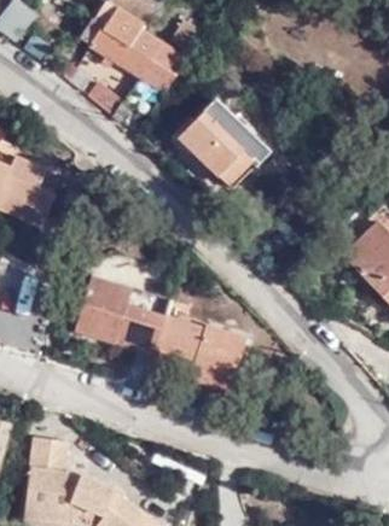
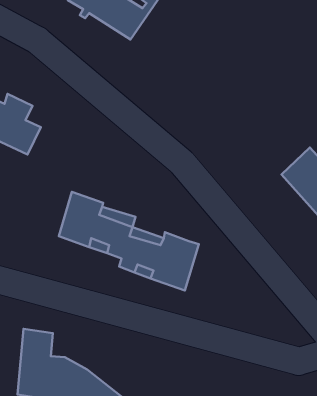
building: [180,103,266,187] -> none

